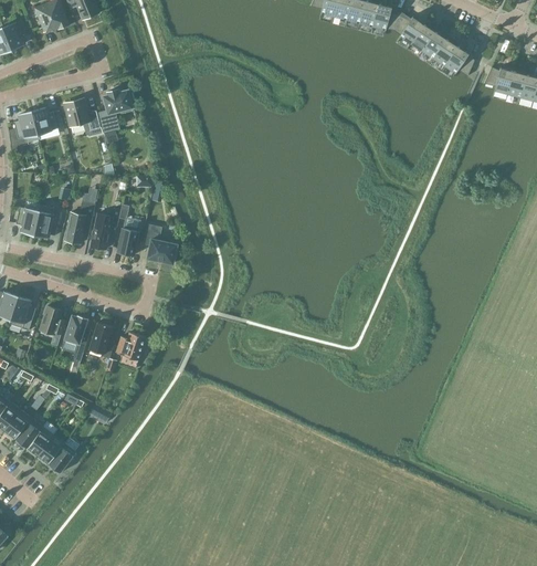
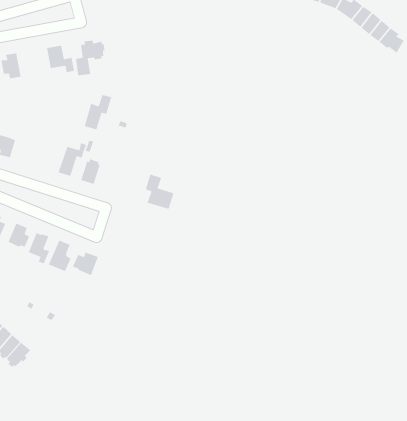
building: [31,107,57,139] -> none
building: [64,201,94,243] -> [84,94,112,130]
building: [34,206,59,237] -> none
building: [143,224,177,264] -> [145,173,174,210]

